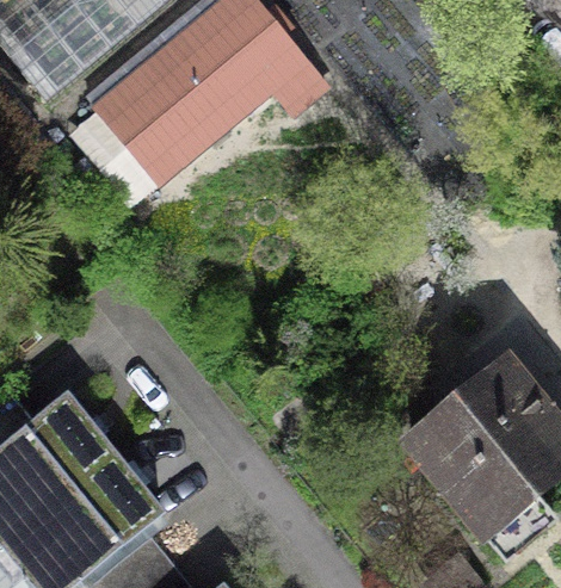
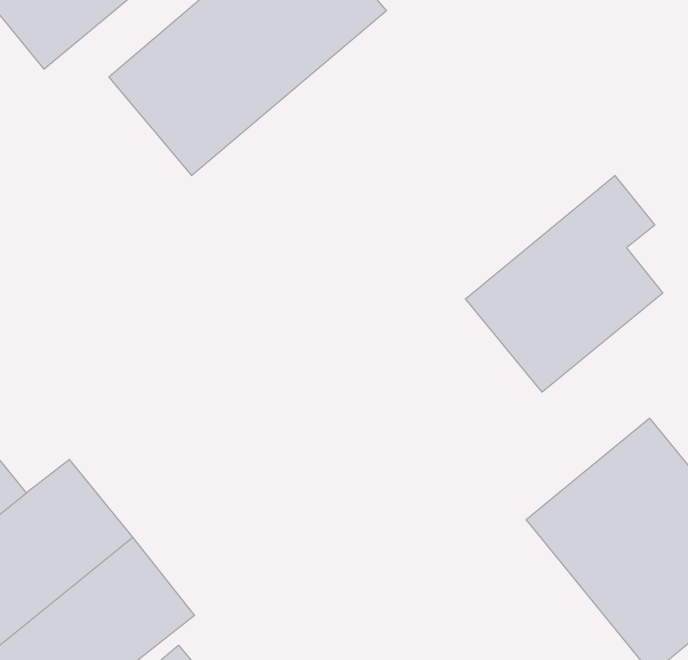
building: none -> [465,175,663,392]

